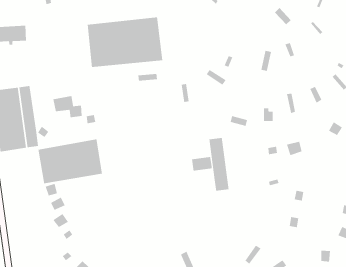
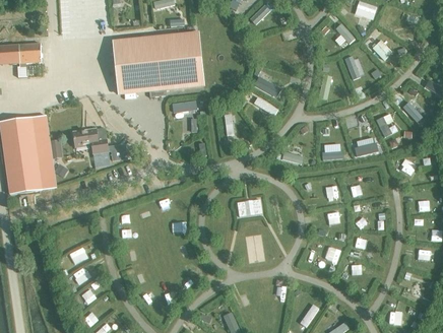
building: [209,137,229,192] -> none
building: [38,139,102,184] -> none

